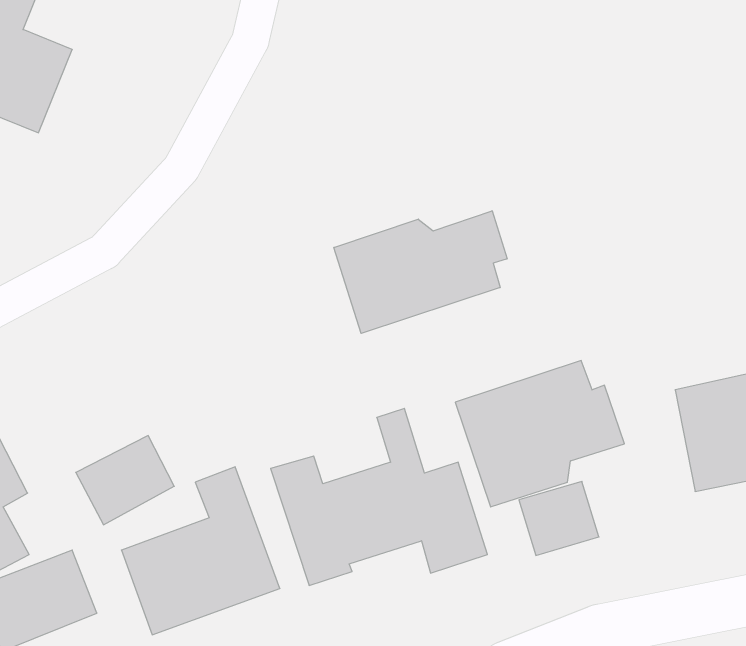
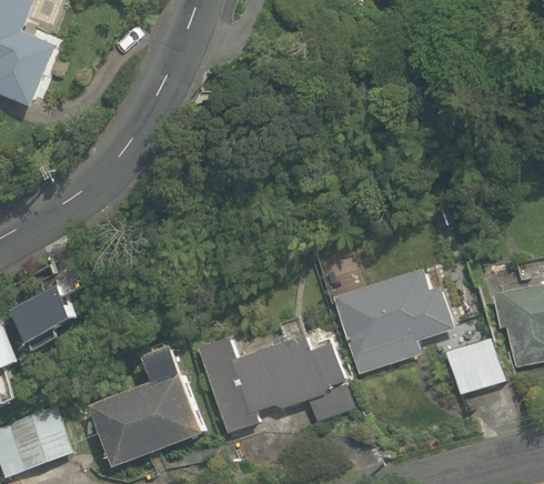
building: [334,211,507,333] -> none
building: [76,436,174,525] -> [12,285,83,350]
building: [519,481,599,555] -> [446,341,504,394]

